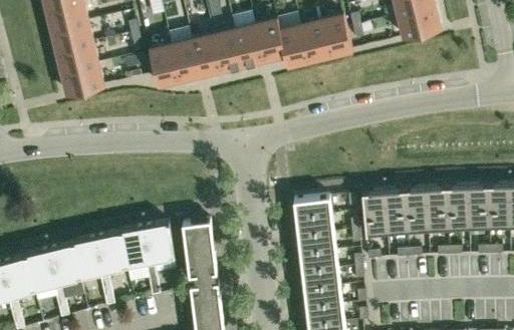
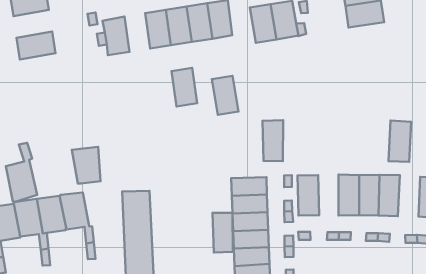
building: [278,22,308,63] -> [212,76,239,115]
building: [171,36,200,77] -> [171,68,197,107]
building: [56,40,97,71] -> none
building: none -> [6,143,37,202]
building: [467,184,489,226] -> [389,120,411,162]
building: [382,188,407,231] -> [263,120,283,161]
building: [142,221,174,260] -> [72,147,101,184]
building: none -> [212,213,233,253]

